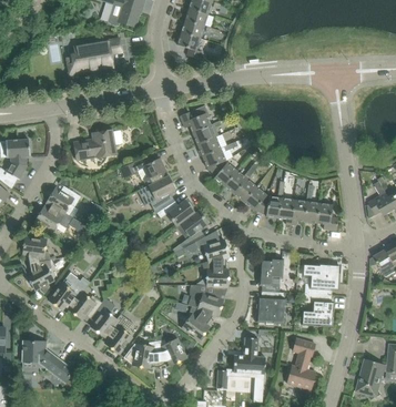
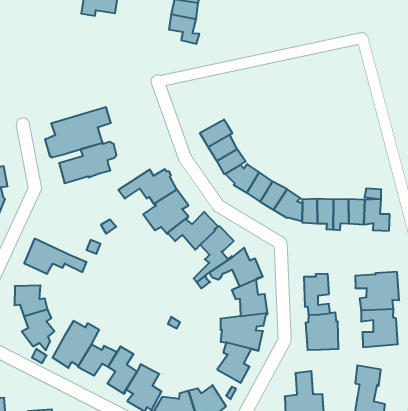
building: [67,38,122,73] -> [45,107,111,158]
building: [180,104,211,132] -> none
building: [47,187,81,217] -> none

